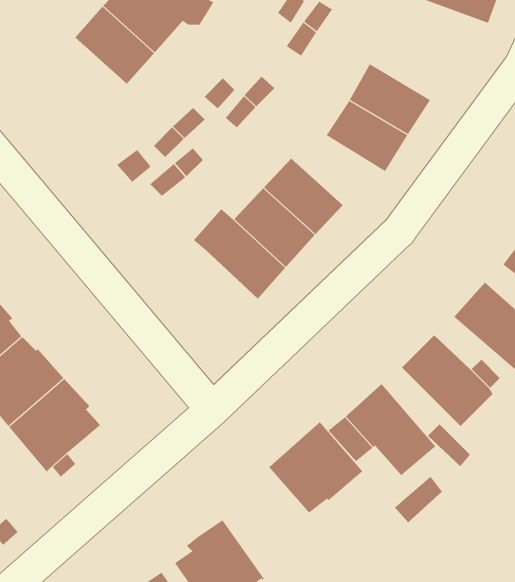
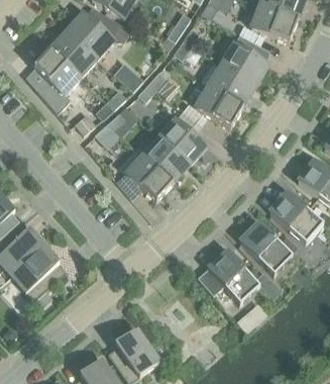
building: none -> [220,35,267,86]
building: none -> [24,50,80,113]
building: [268,421,363,514] -> none

